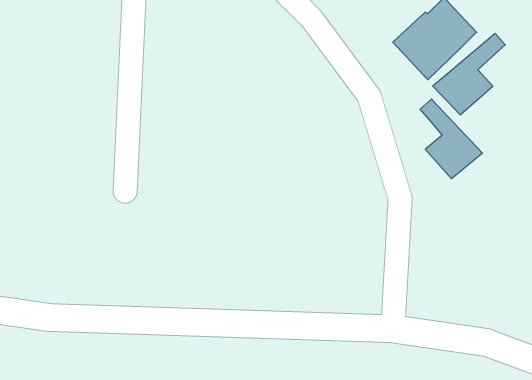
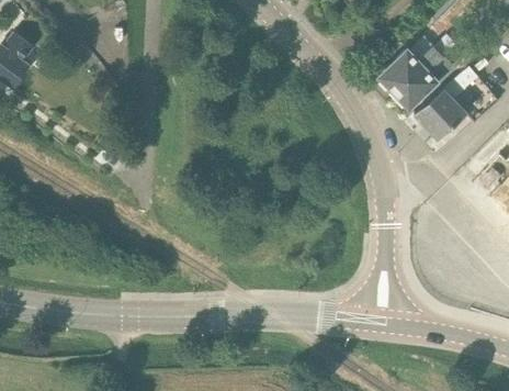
building: [420,99,482,179] -> none

